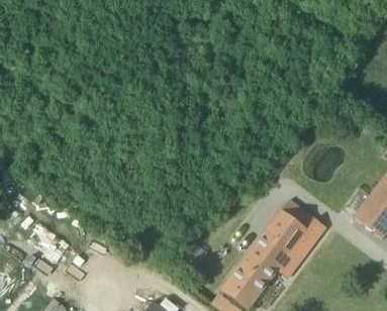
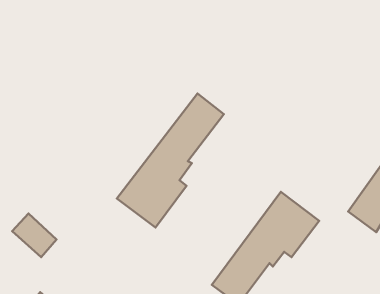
building: none -> [117,94,224,227]

